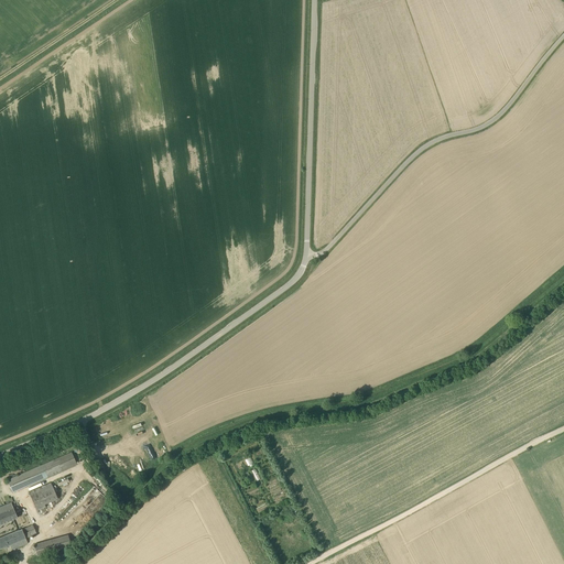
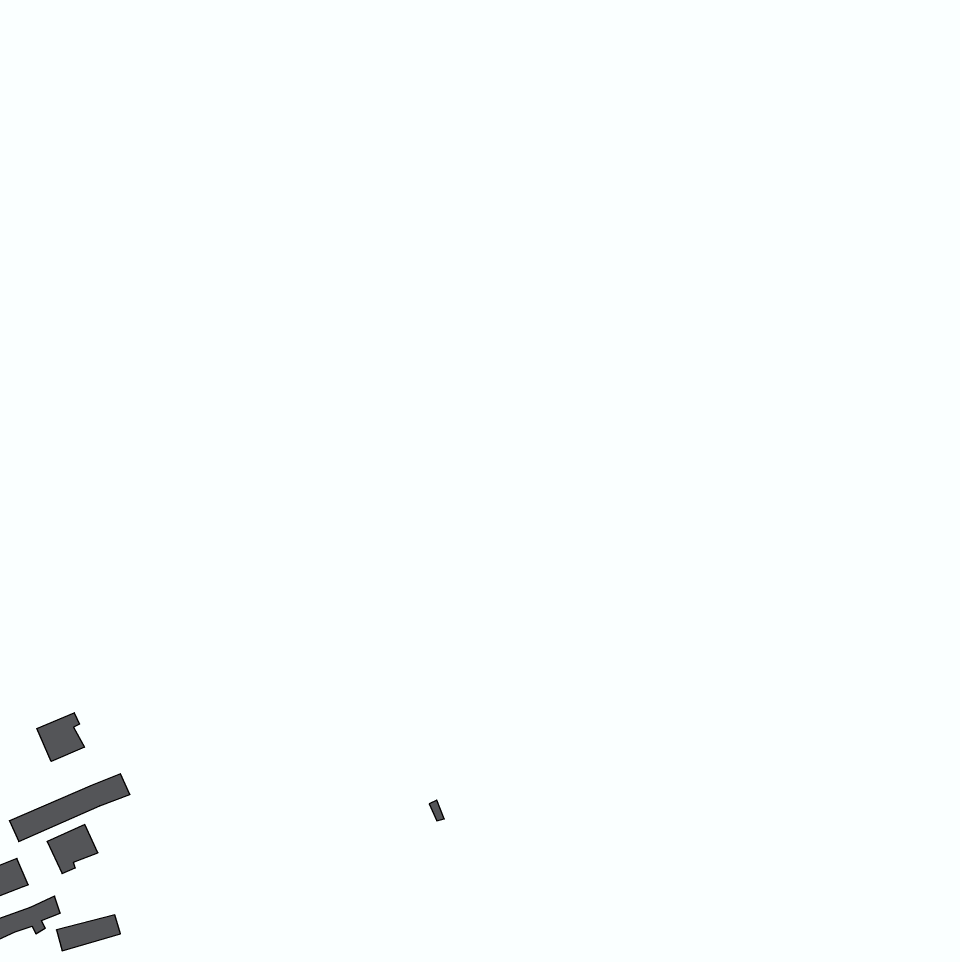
building: none -> [37,713,84,761]

